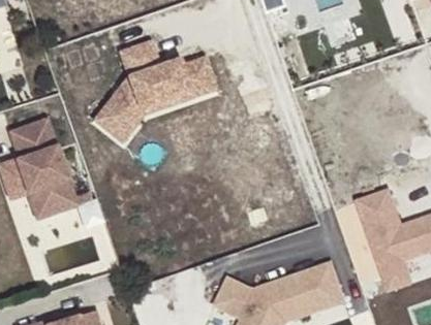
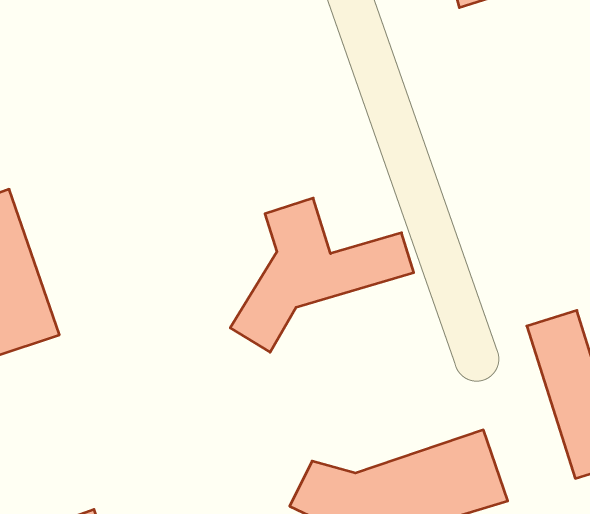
building: [100,41,210,133] -> [230,198,414,352]

